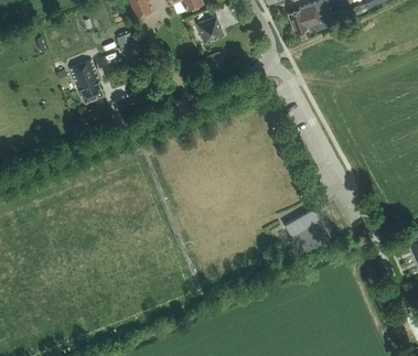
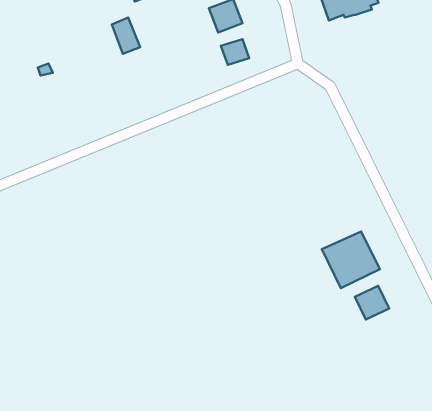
building: [69,60,103,103] -> none
building: none -> [355,286,389,320]

